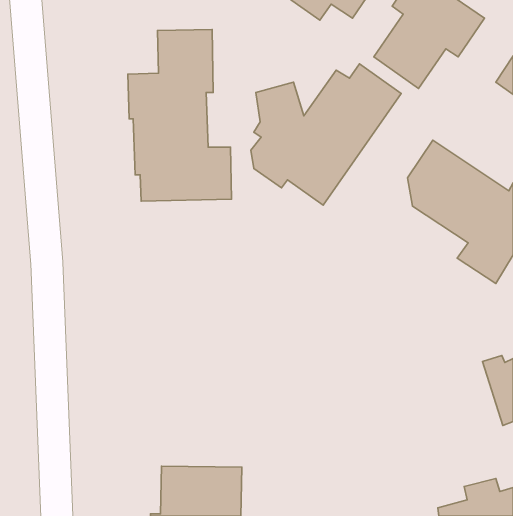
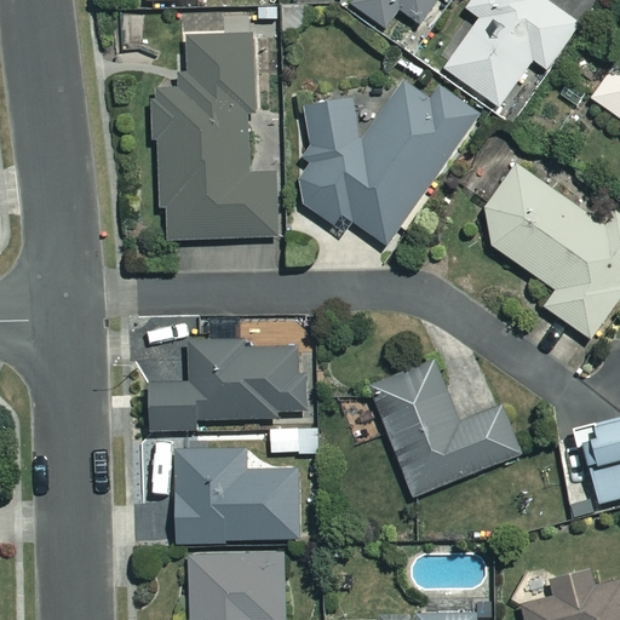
building: none -> [149,339,308,430]
building: none -> [371,361,517,494]
building: none -> [176,448,300,542]

